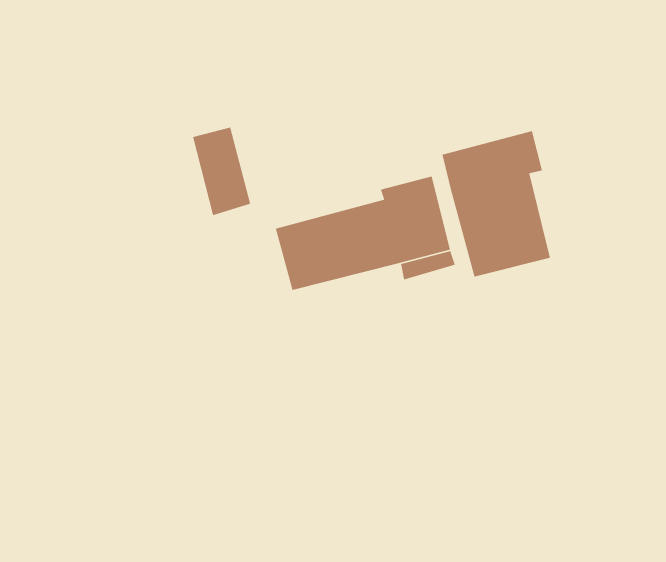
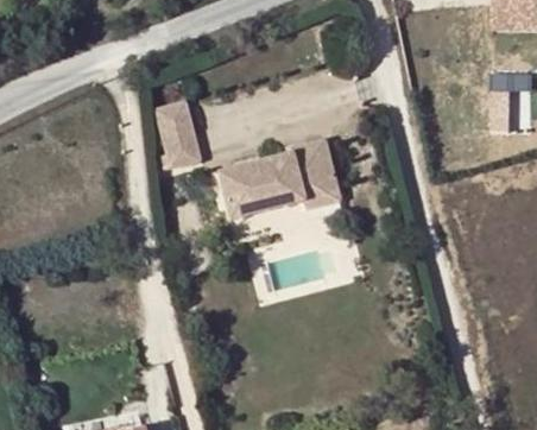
building: [441,130,551,278] -> none

